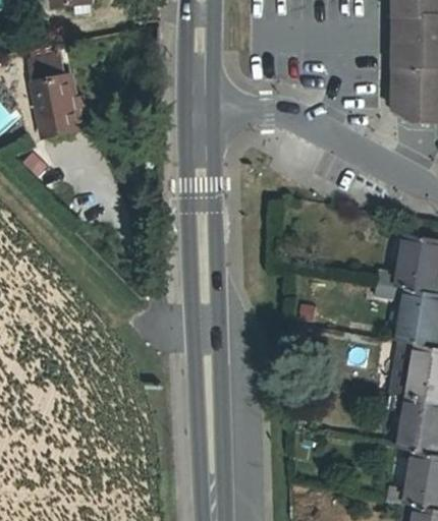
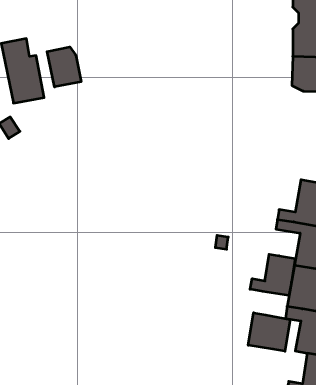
building: none -> [47,47,81,87]
building: none -> [250,254,295,296]
building: none -> [248,313,290,351]

